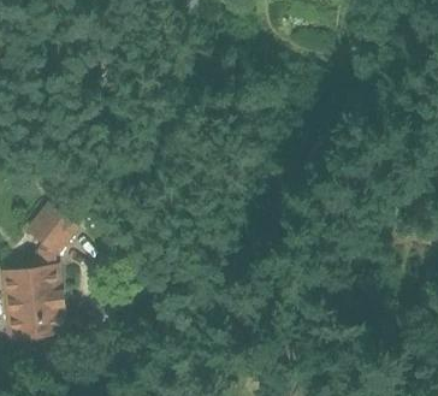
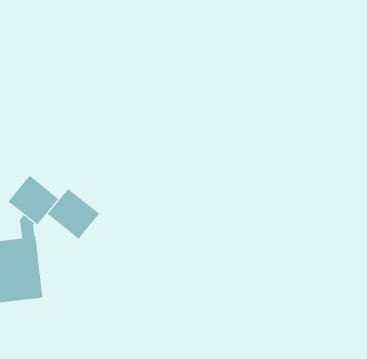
building: none -> [47,188,100,240]

